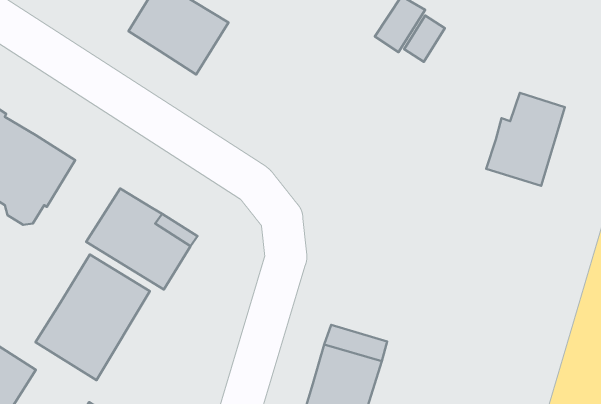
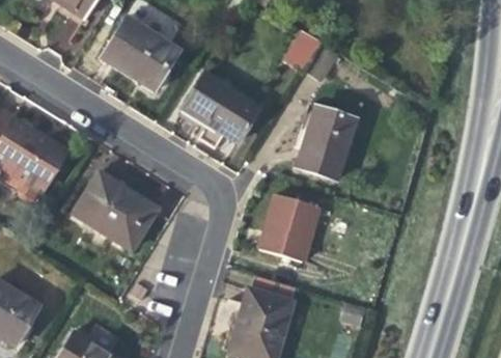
building: none -> [186,75,258,141]
building: [486,93,565,186] -> [298,110,356,178]
building: none -> [261,194,317,259]
building: [35,255,150,380] -> none

